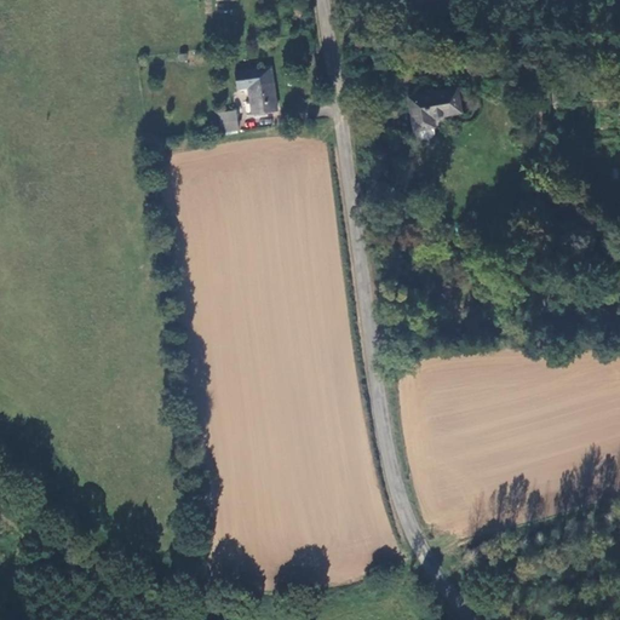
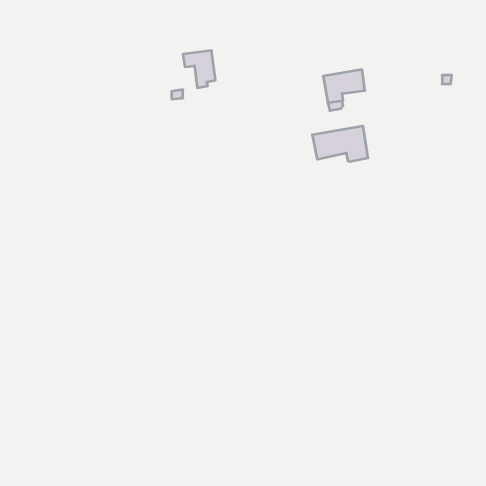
building: none -> [312,126,368,162]

